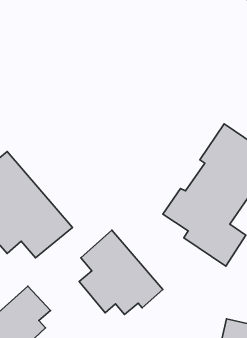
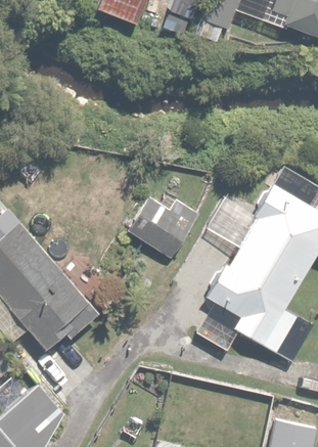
building: none -> [126,194,200,260]
building: [79,230,163,315] -> none

